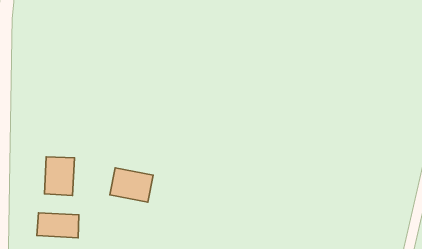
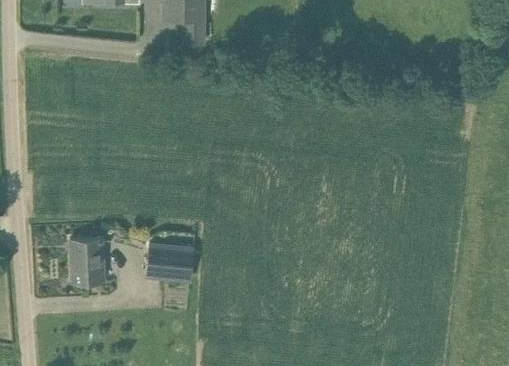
building: [37,213,79,238] -> none

